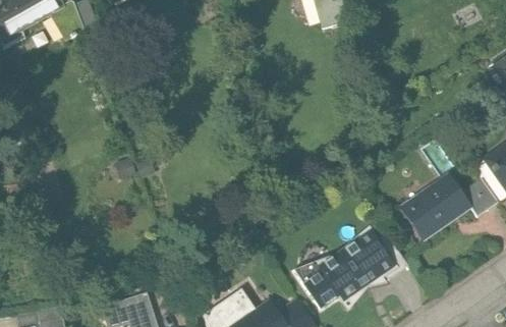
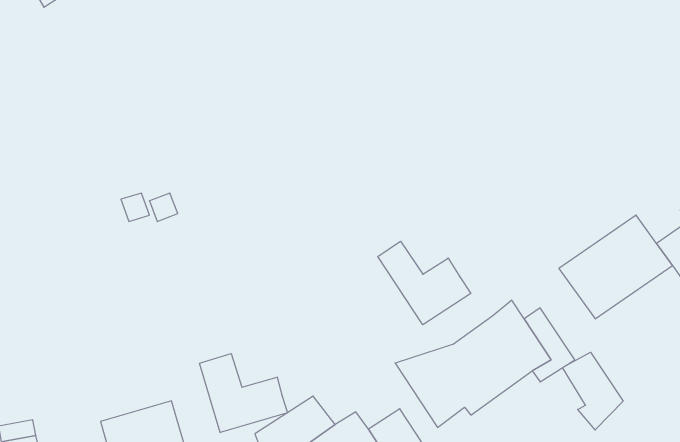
building: none -> [378,241,471,325]
building: none -> [563,352,623,430]
building: none -> [199,354,287,433]

